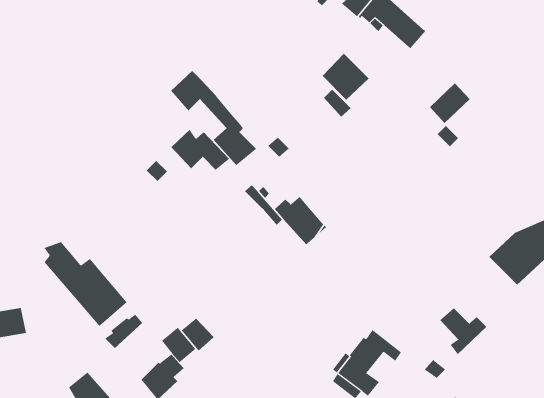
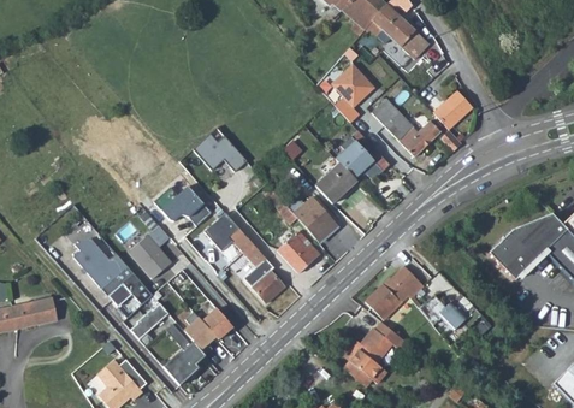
building: [170,70,257,166] -> [205,213,285,302]
building: none -> [372,97,442,156]
building: none -> [316,137,384,203]
building: none -> [160,188,211,226]
building: none -> [129,226,172,279]
building: none -> [277,230,320,273]
building: none -> [366,267,425,319]

